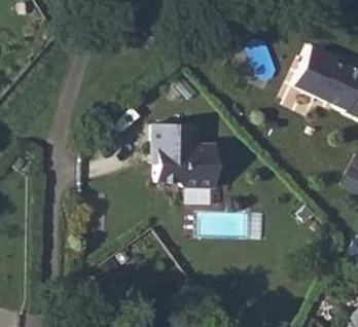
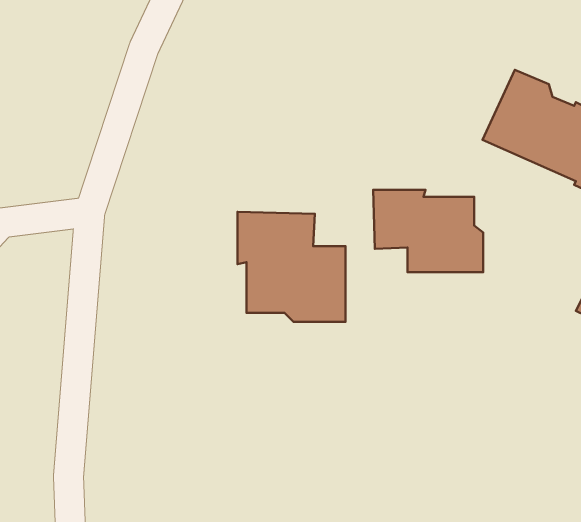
building: none -> [373,190,483,272]

